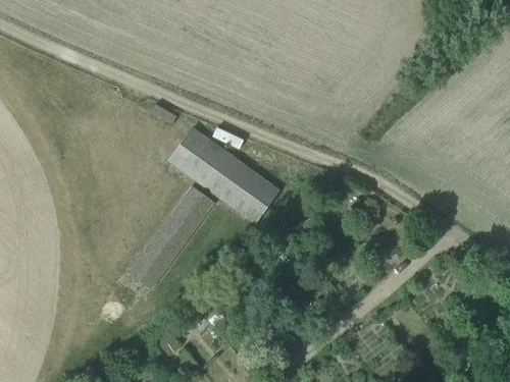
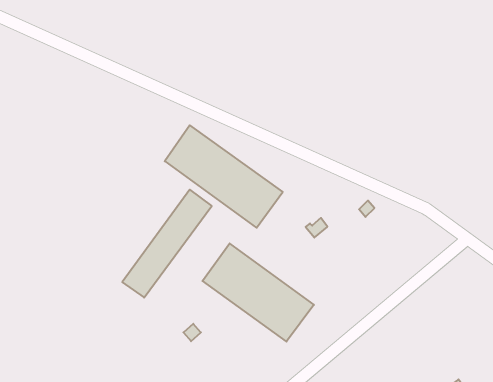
building: none -> [202,243,314,342]

